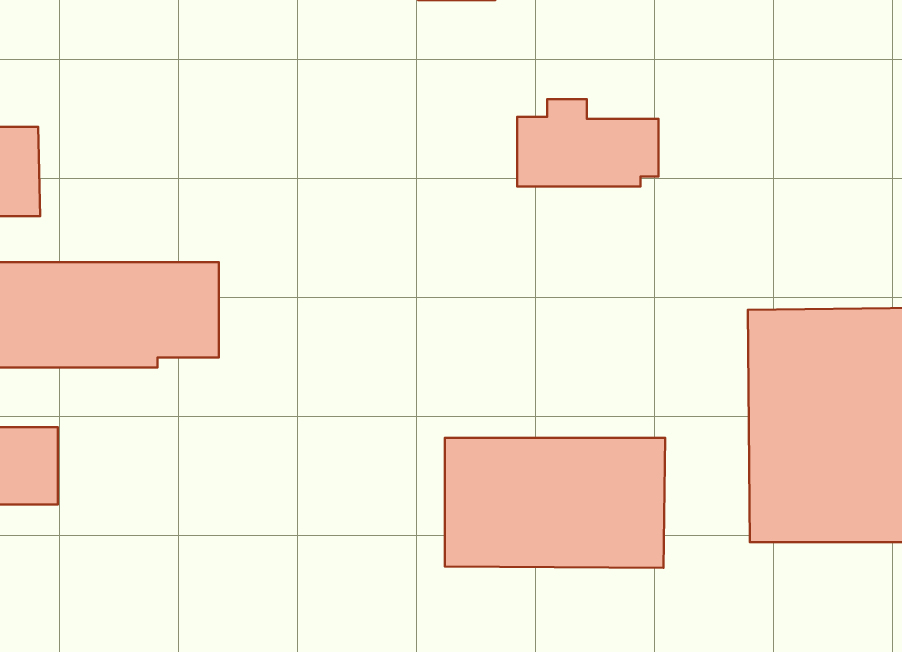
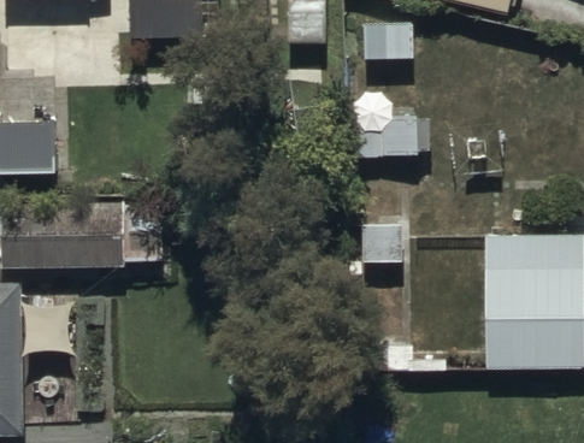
building: [445,438,665,568] -> none

